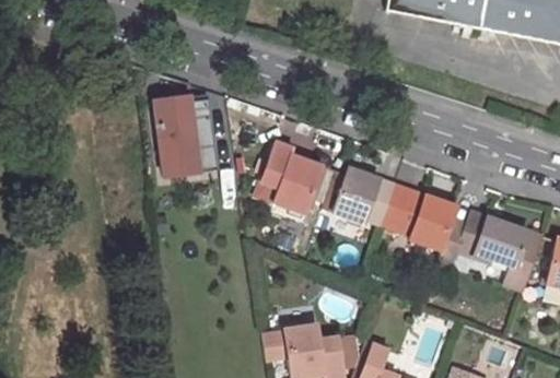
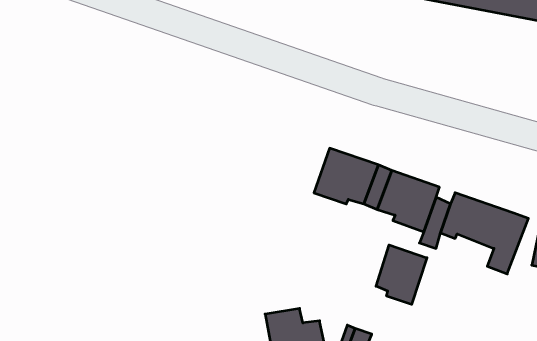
building: [149,91,214,174] -> none
building: [264,140,325,213] -> none
building: none -> [376,245,427,304]

